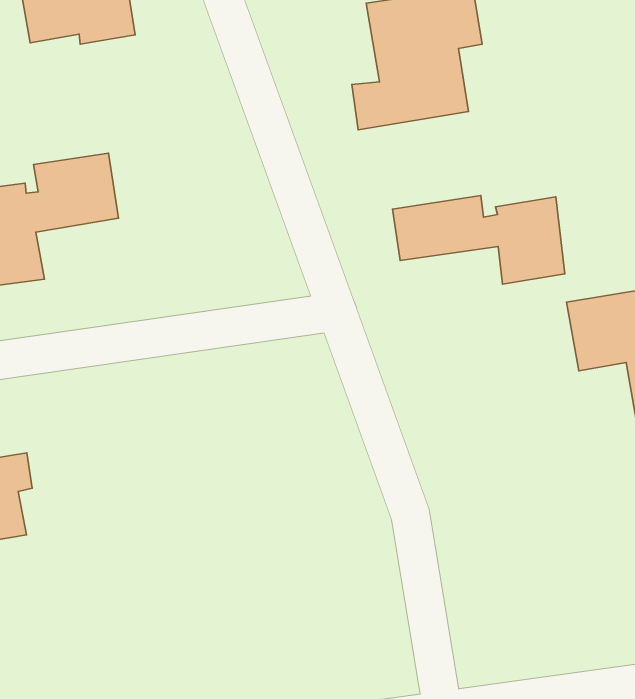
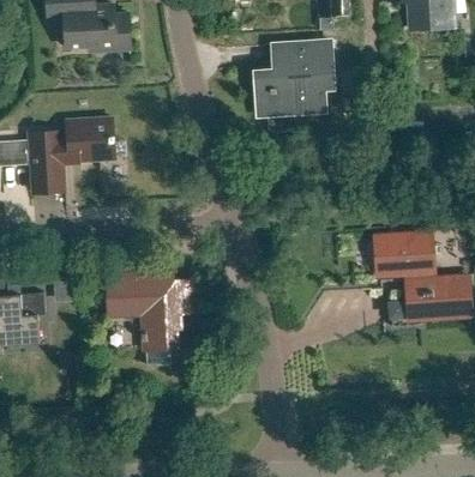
building: [392,195,565,284] -> none
building: none -> [104,270,194,366]

